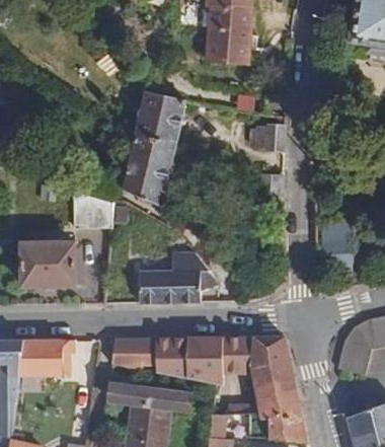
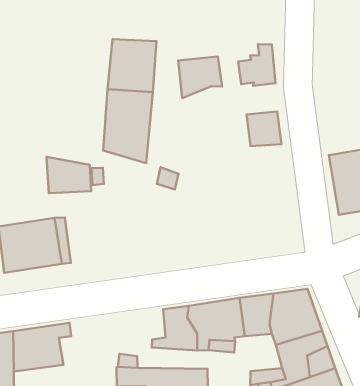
building: none -> [178,56,222,98]
building: [136,247,215,303] -> none
building: [111,338,157,370] -> none

